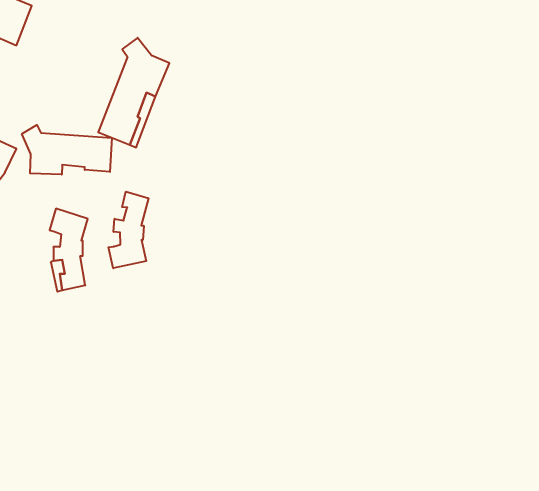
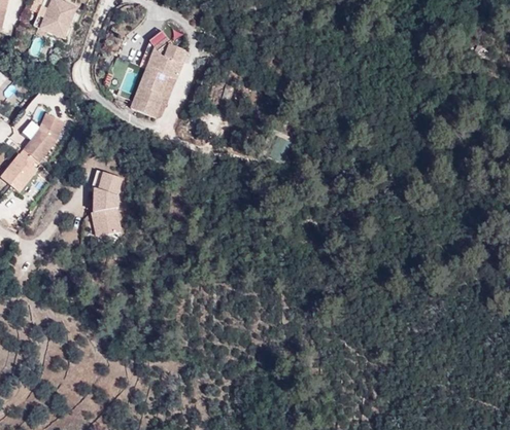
building: [22,125,112,175] -> none
building: [108,192,149,268] -> none

